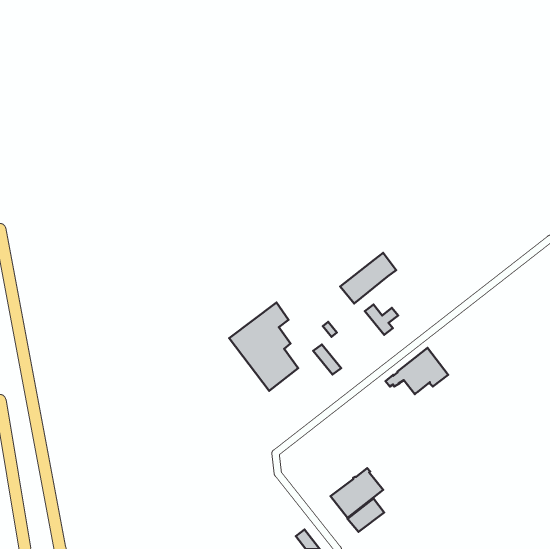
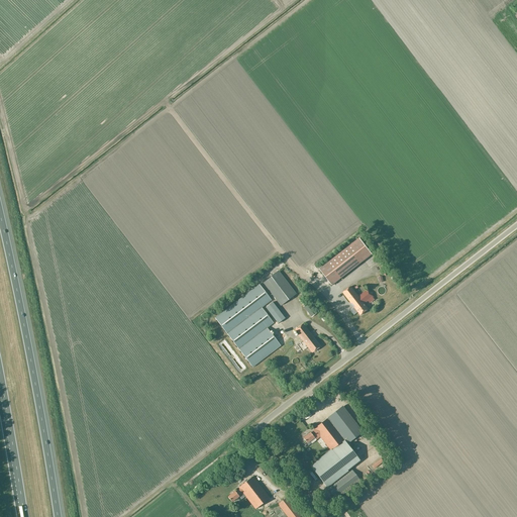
building: none -> [263,270,296,305]
building: [386,348,448,394] -> [303,406,361,449]
building: none -> [227,476,270,508]

